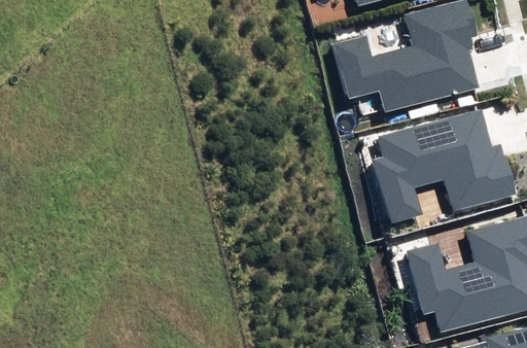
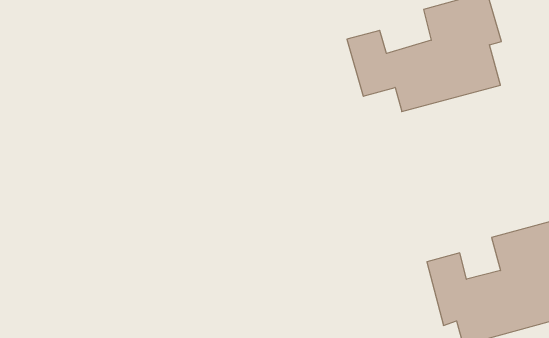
building: [373,109,515,221] -> none

